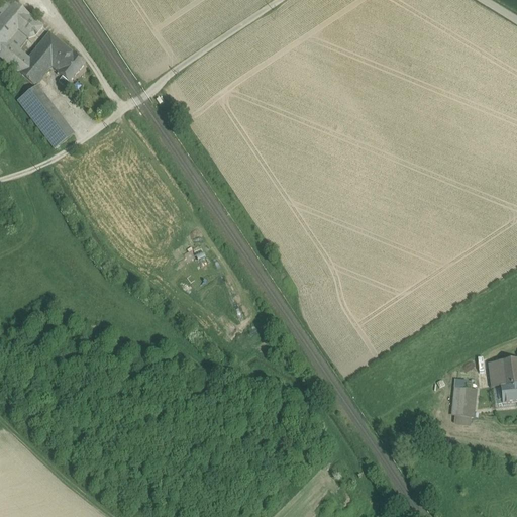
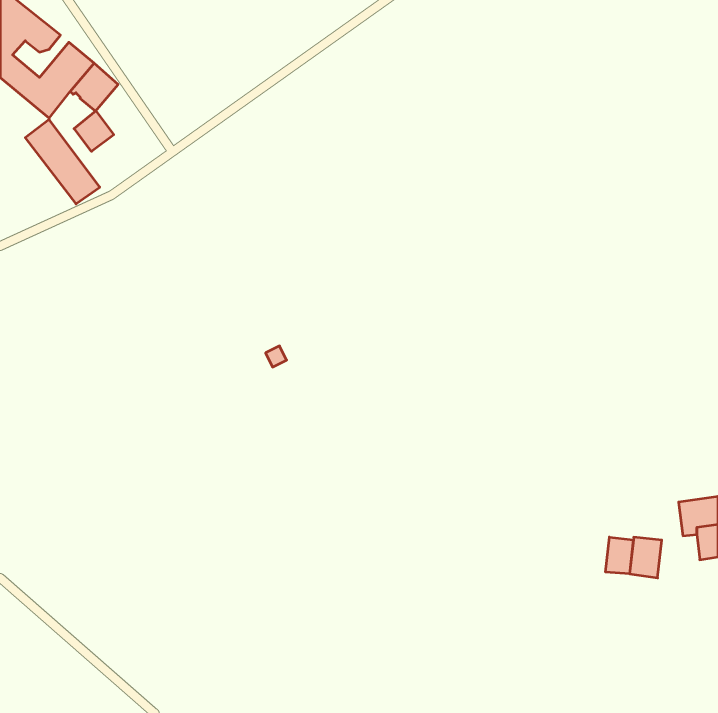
building: none -> [74,111,114,151]
building: none -> [606,537,633,574]

